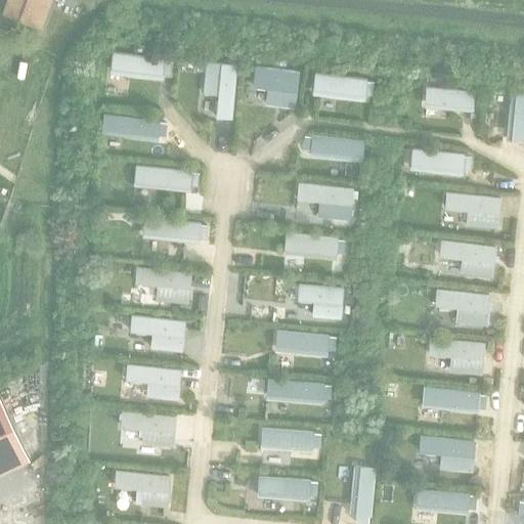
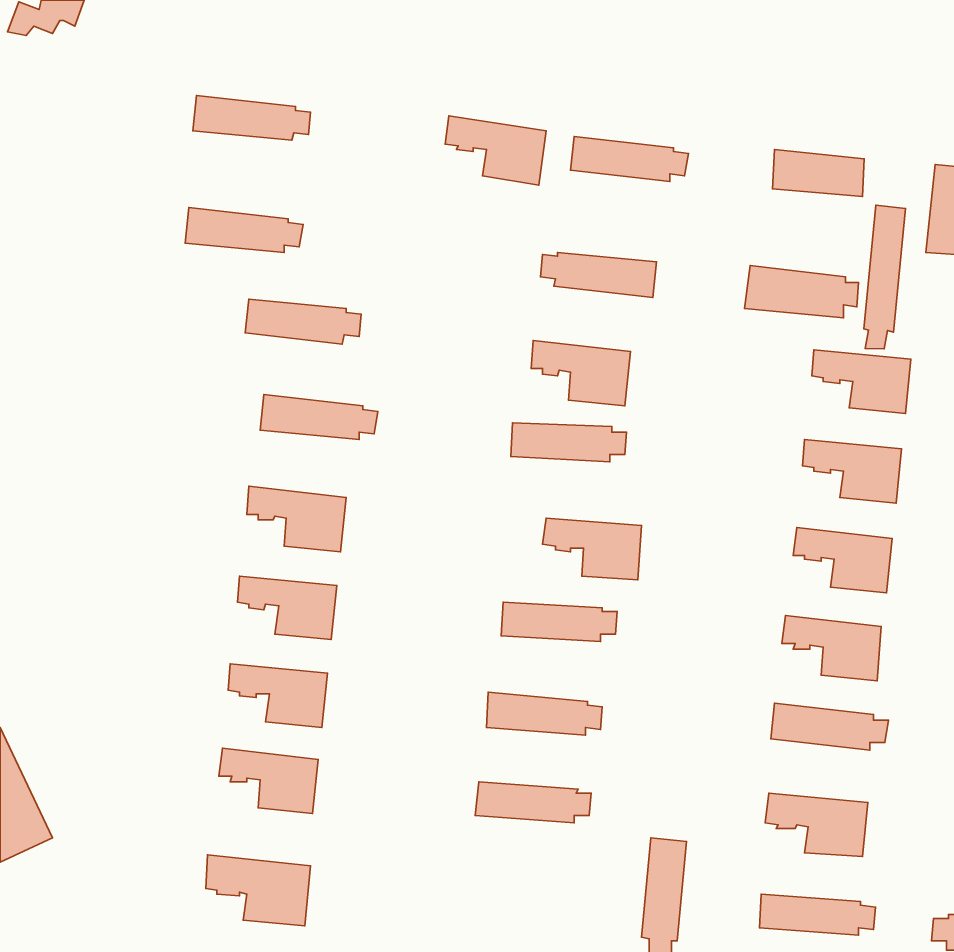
building: [204,63,236,119] -> none
building: none -> [864,205,905,349]
building: [258,478,321,500] -> none

